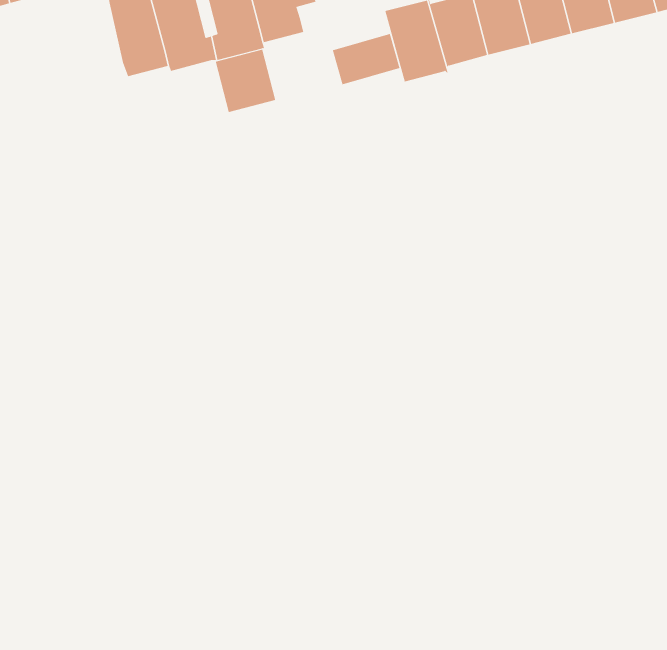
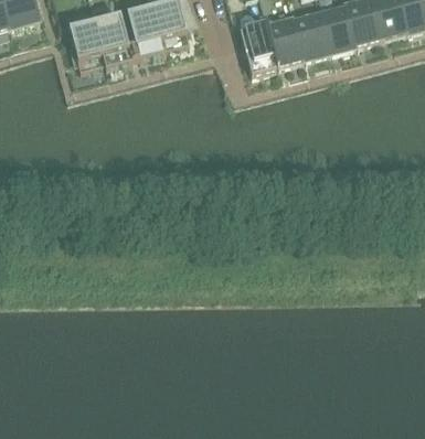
building: [332,33,400,85] -> none
building: [215,49,276,113] -> none

